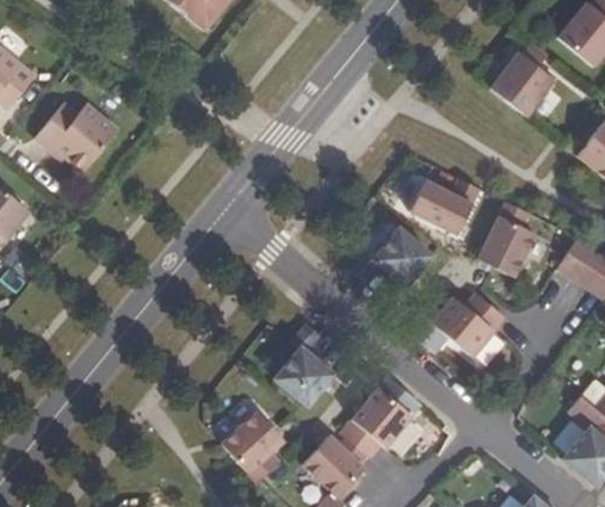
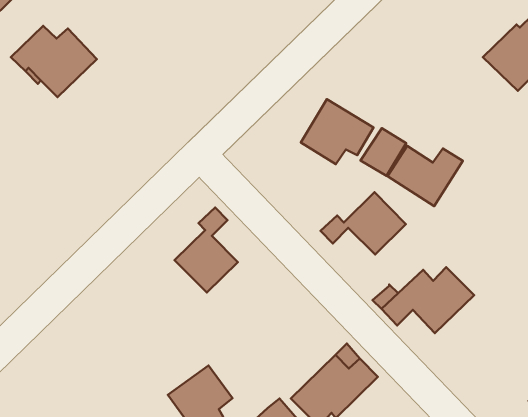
building: none -> [301,99,374,164]
building: [477,202,536,277] -> none
building: [273,324,334,407] -> [174,208,238,293]

